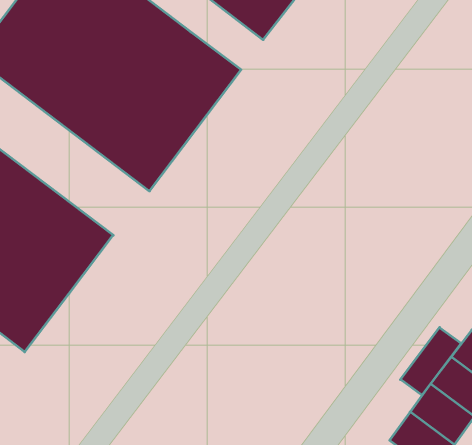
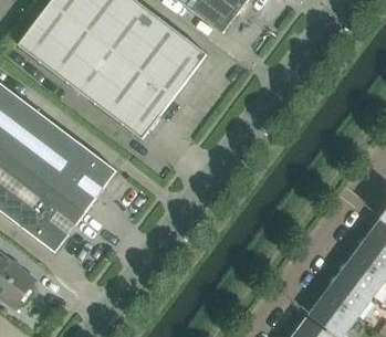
building: [400,327,461,395] -> none

